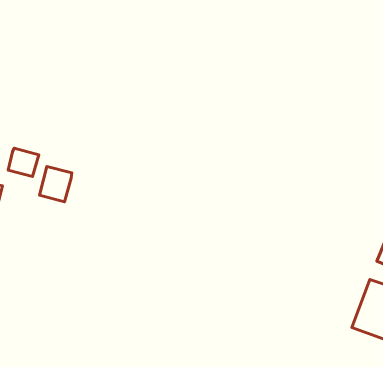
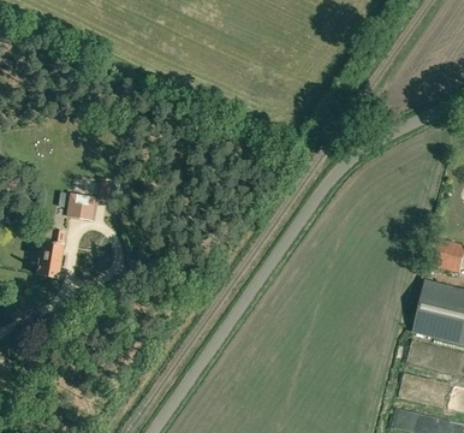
building: [40,166,72,202] -> none

